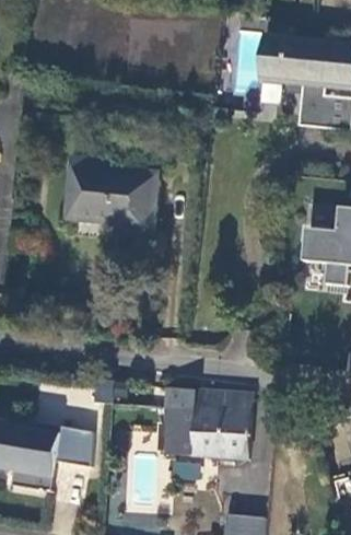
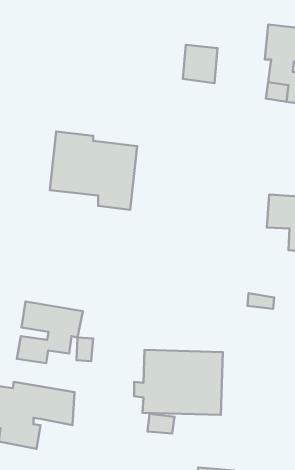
building: [260,39,297,80] -> [183,45,218,83]
building: none -> [17,301,83,363]

